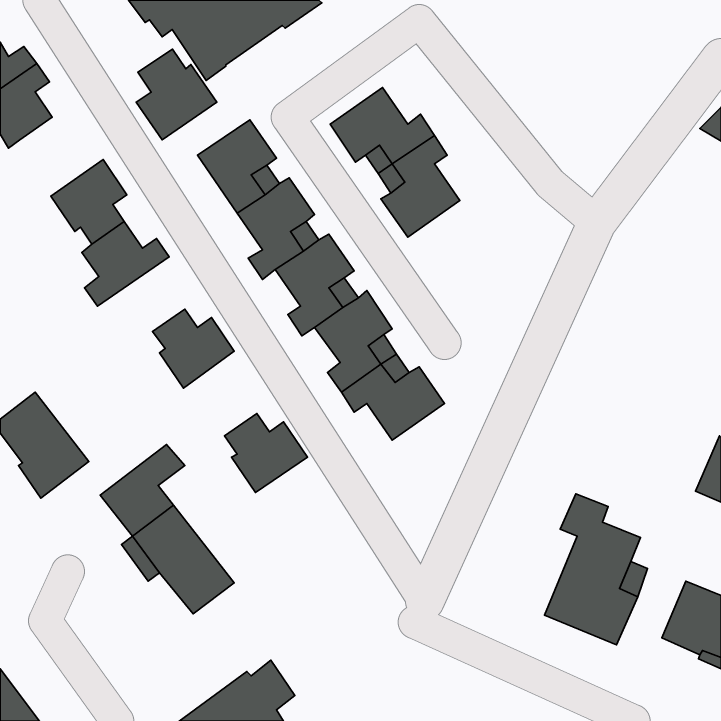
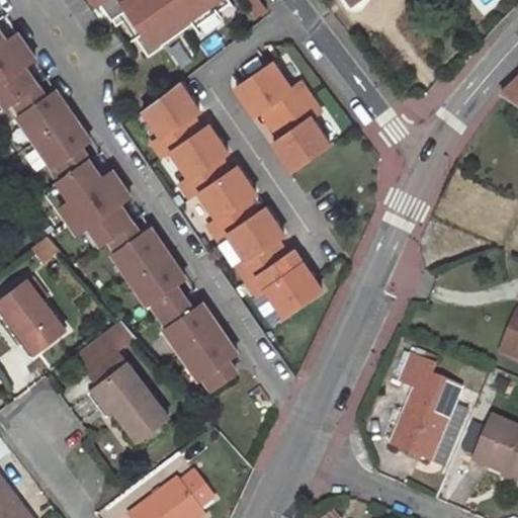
building: [136,49,217,140] -> none
building: none -> [14,84,74,141]
building: none -> [70,184,133,243]
building: none -> [132,252,185,313]
building: none -> [183,328,238,387]

